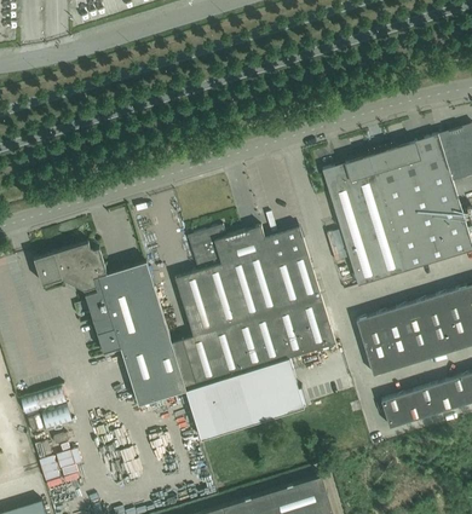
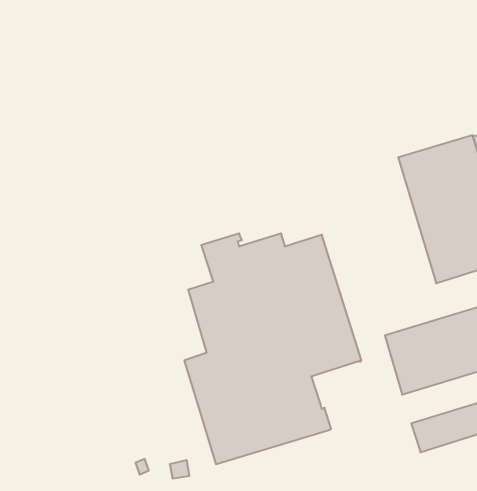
building: [322,156,404,287] -> none
building: [34,242,186,405] -> none

